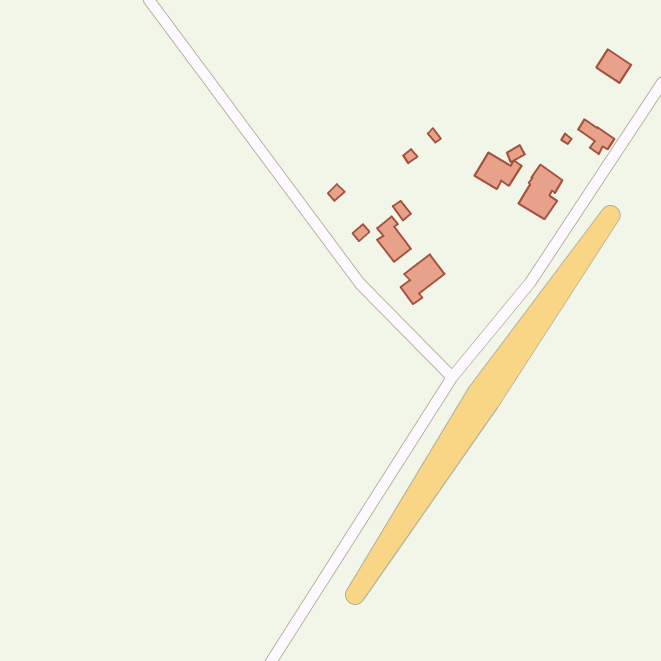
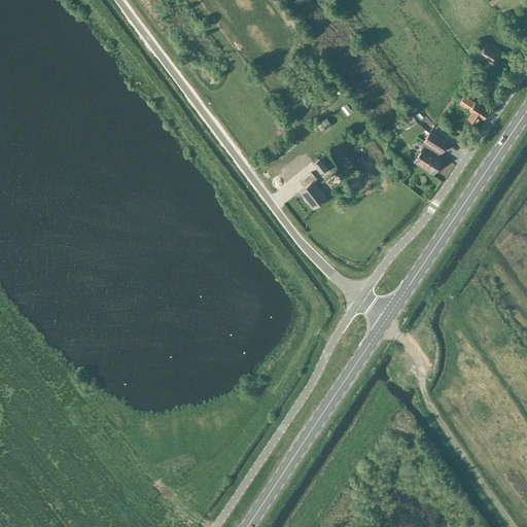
building: [474,152,522,189] -> none
building: [401,254,445,304] -> none

